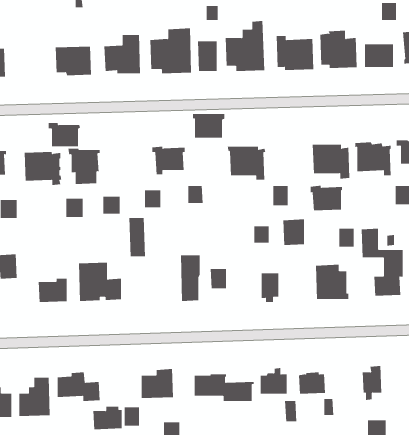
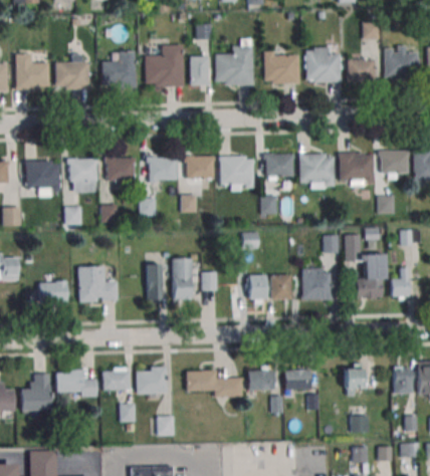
building: none -> [16,53,51,91]
building: [192,114,225,138] -> [185,156,216,179]
building: [48,122,81,147] -> [105,157,137,180]
building: [310,185,343,211] -> [263,153,294,177]
building: [129,217,146,257] -> [147,264,163,301]
building: [283,219,305,246] -> [271,274,292,299]
building: [93,406,122,430] -> [102,368,131,390]

